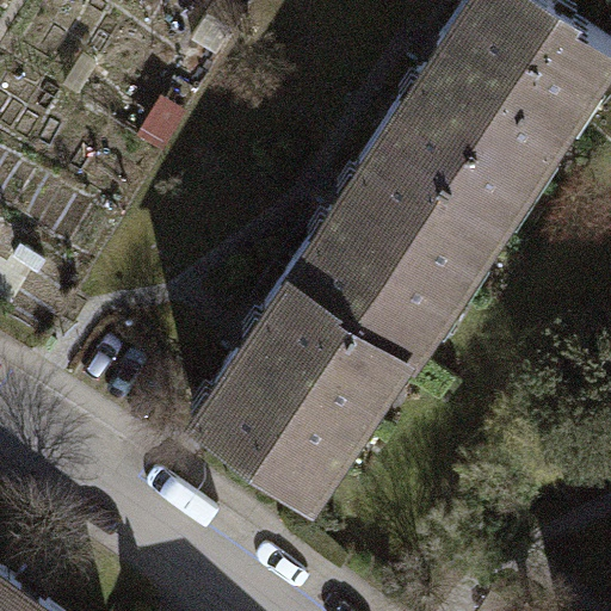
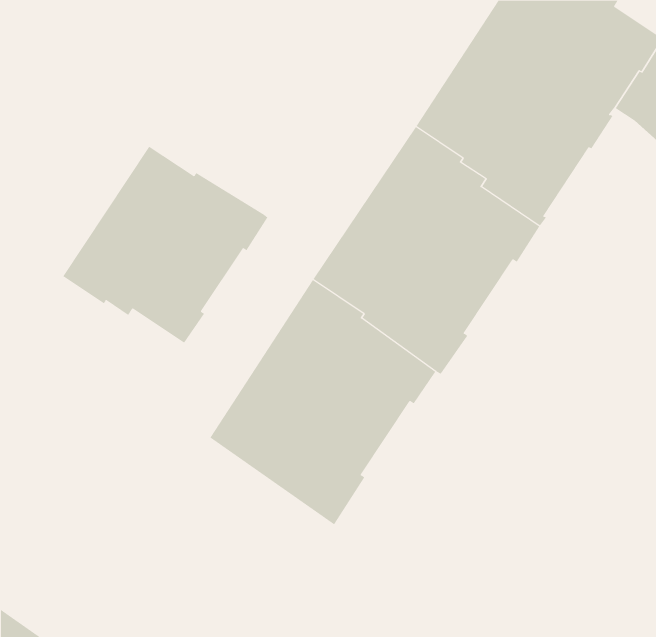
building: none -> [62,146,268,343]

